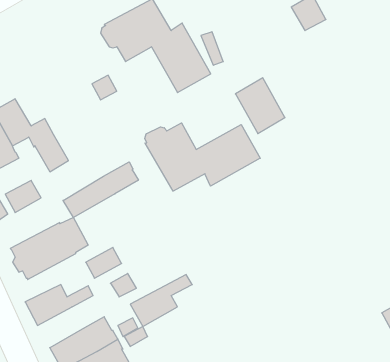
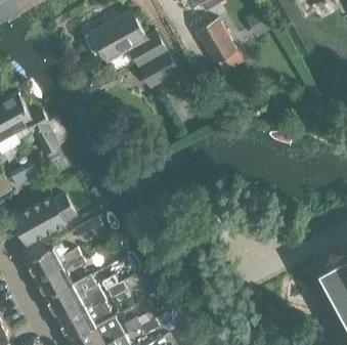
building: [235,78,285,134] -> [197,18,237,64]
building: [145,123,260,191] -> none
building: [63,162,138,218] -> none
building: [130,275,192,327] -> [36,257,87,300]

